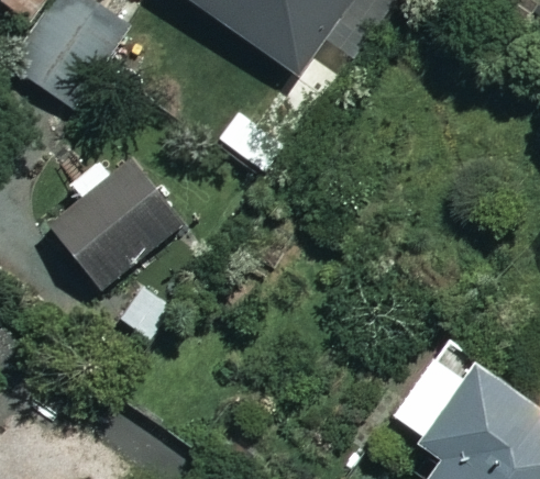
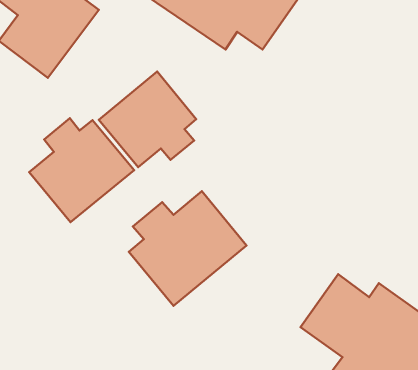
building: none -> [99,71,196,167]
building: none -> [129,191,246,306]

